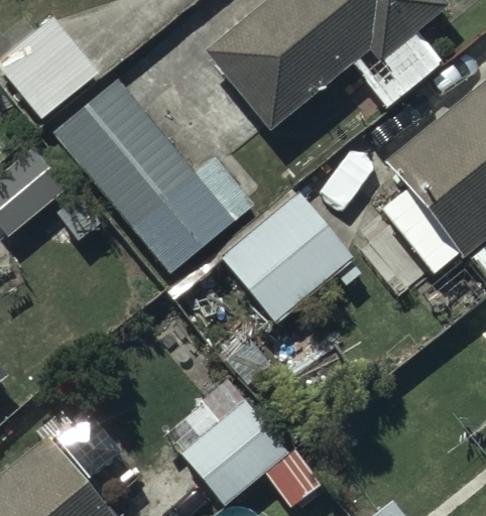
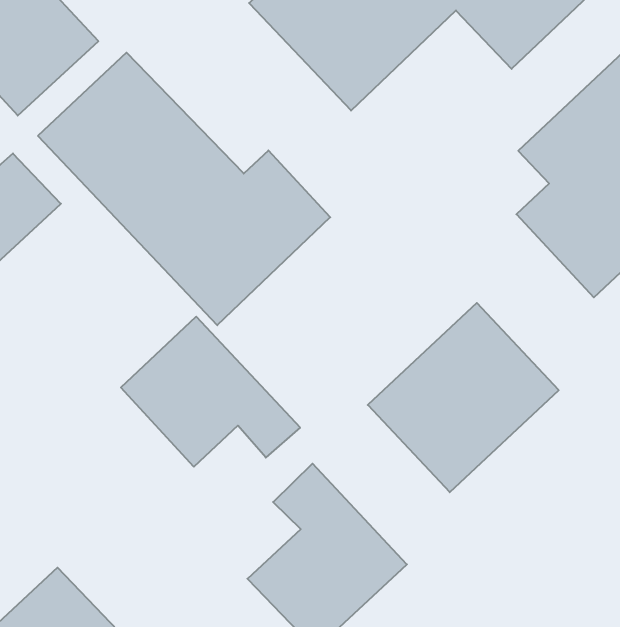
building: [223,192,357,324] -> [368,303,559,492]
building: none -> [121,317,300,467]

